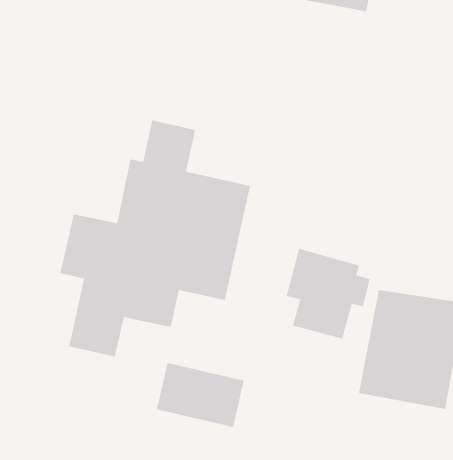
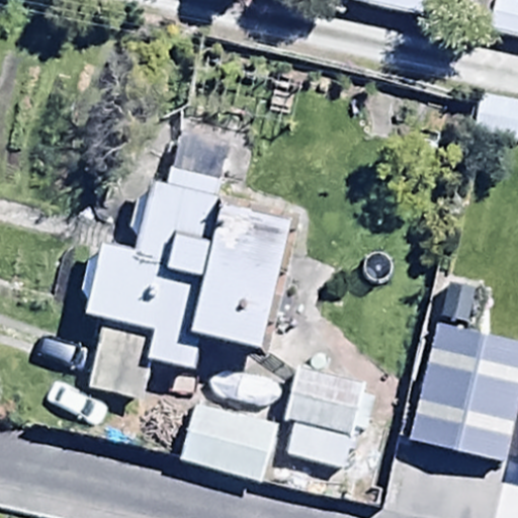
building: [286,248,371,339] -> [282,366,377,468]

